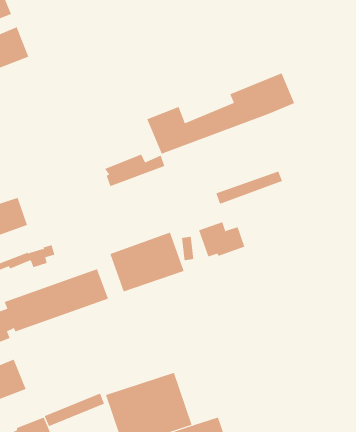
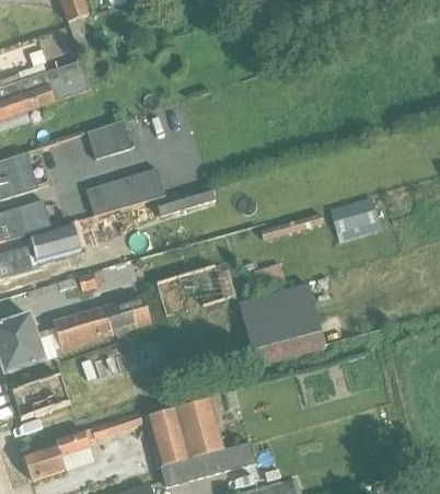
building: [146,73,295,155] -> none
building: none -> [86,118,132,158]
building: none -> [85,166,165,215]
building: none -> [329,196,382,241]
building: none -> [238,280,326,367]

